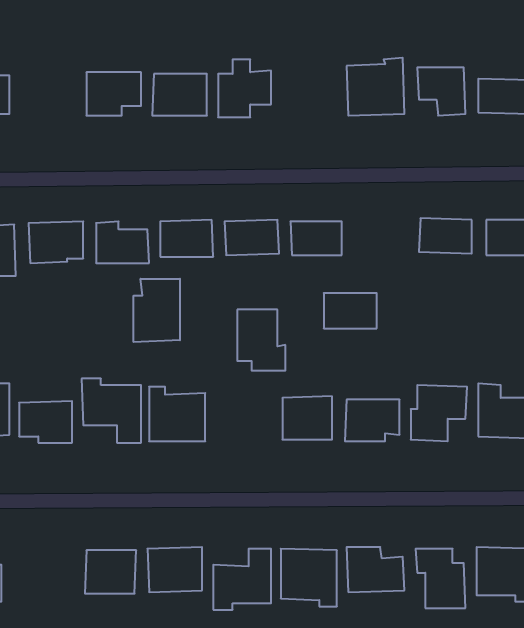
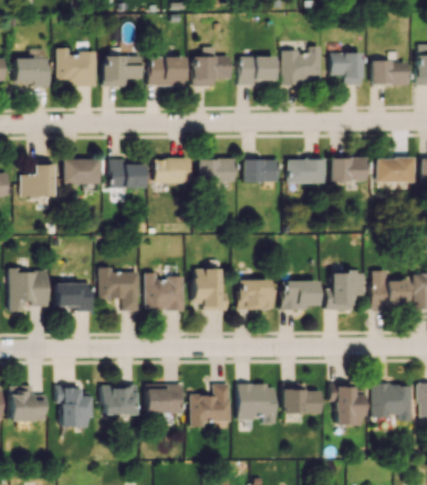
building: none -> [58,49,97,86]
building: none -> [240,56,275,86]
building: [134,279,180,342] -> none
building: [324,293,377,328] -> [289,159,325,183]
building: [237,310,285,371] -> [194,268,227,310]
building: none -> [55,387,90,428]

